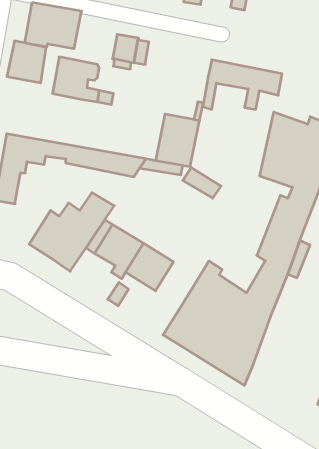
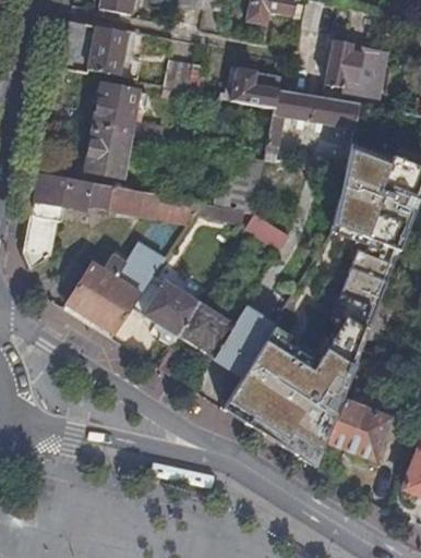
building: none -> [323,41,386,99]
building: [7,41,46,83] -> [84,126,130,175]
building: none -> [219,66,280,107]
building: none -> [213,306,273,375]
building: none -> [326,383,389,460]

